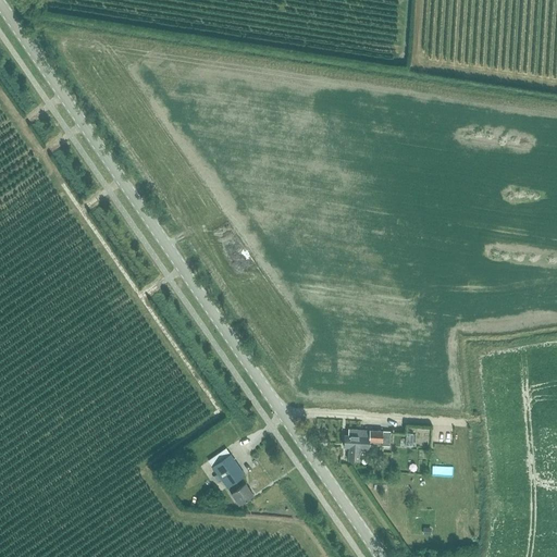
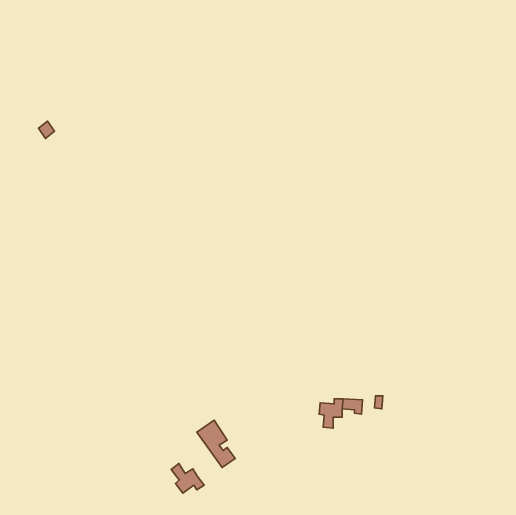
building: none -> [171,463,204,493]

